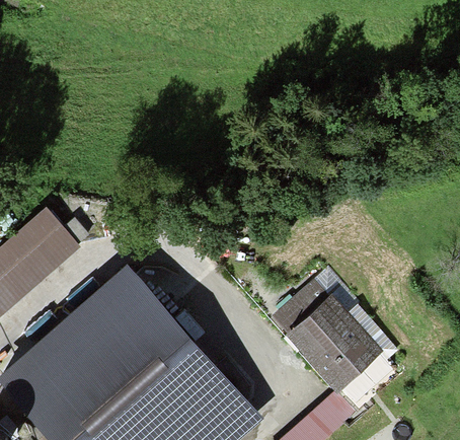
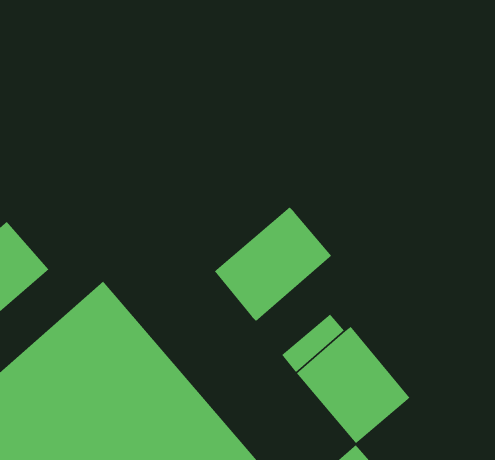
building: none -> [214,206,332,322]
building: [314,274,397,404] -> none

